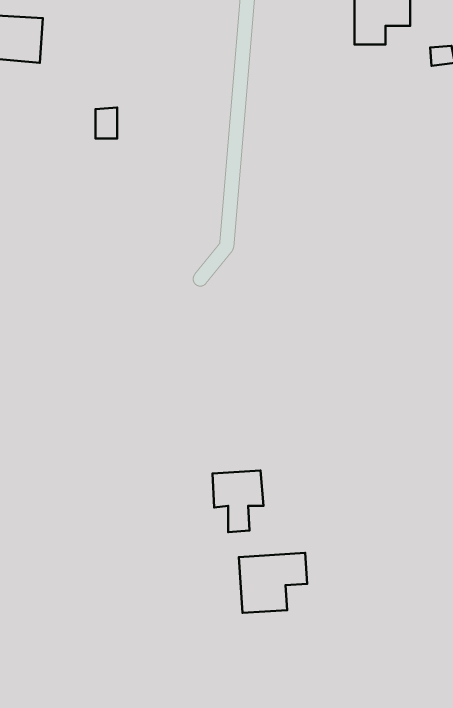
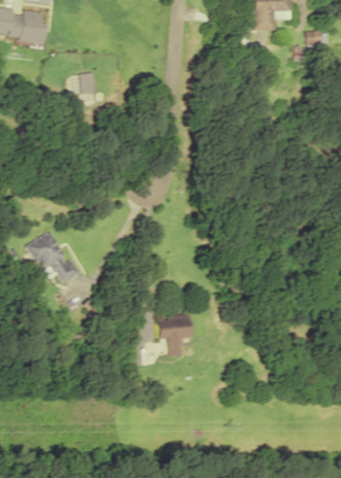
building: none -> [27,232,79,282]
building: [239,553,307,613] -> none

